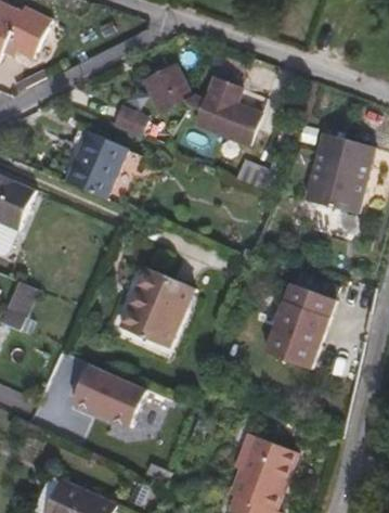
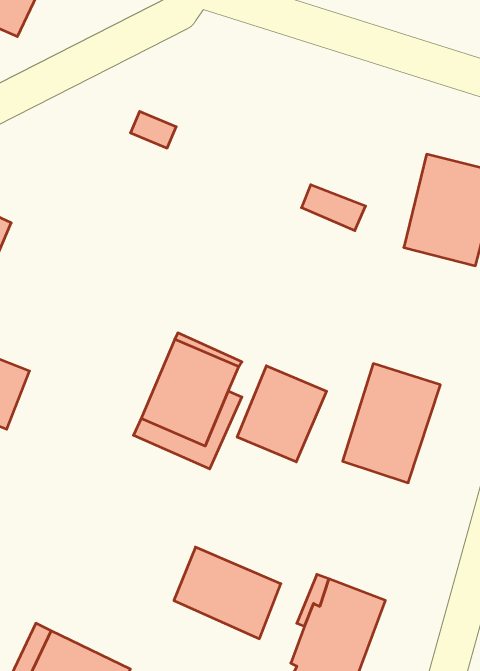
building: [142,65,259,143] -> none
building: [65,129,127,197] -> none
building: none -> [237,366,327,462]
building: [78,367,154,432] -> [174,547,281,639]

